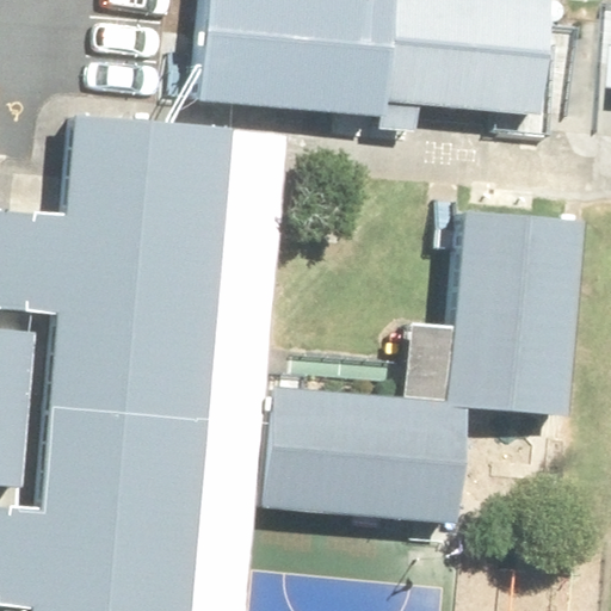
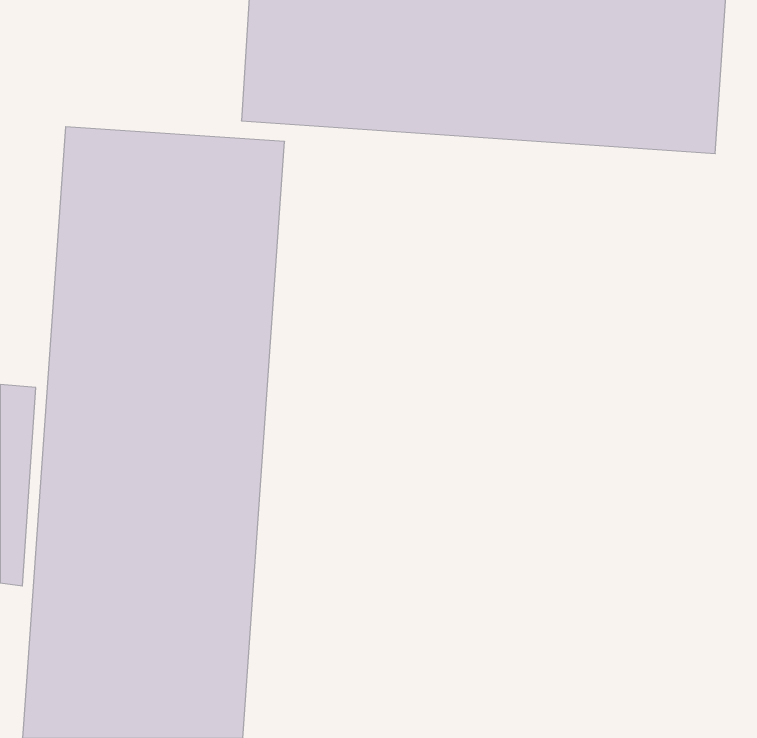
building: [446,230,570,418] -> none
building: [264,405,482,543] -> none

